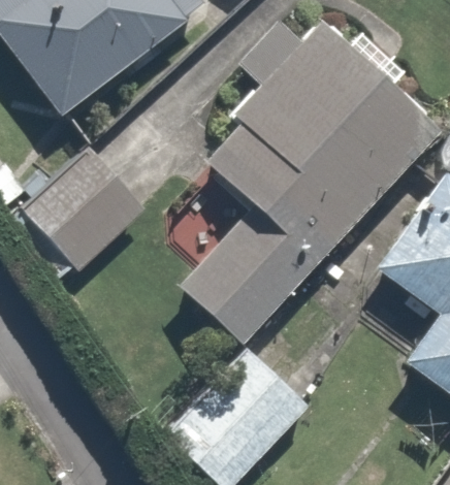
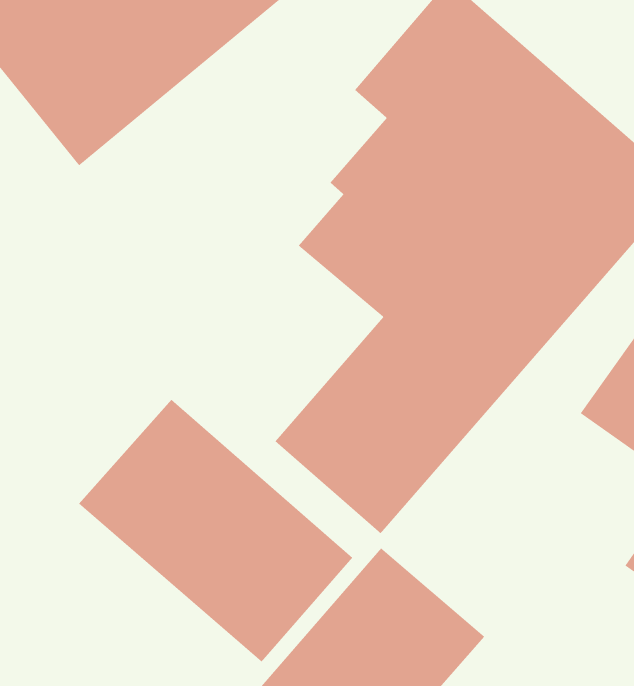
building: [22,151,147,277] -> none
building: none -> [78,399,353,662]

